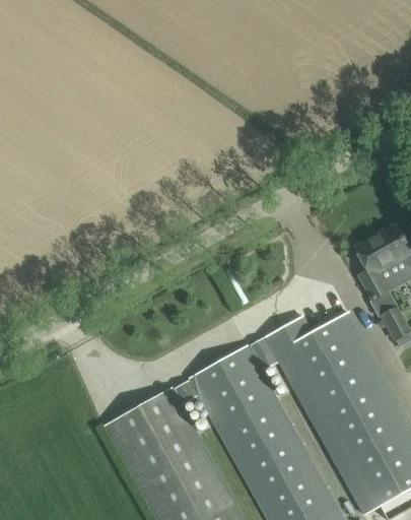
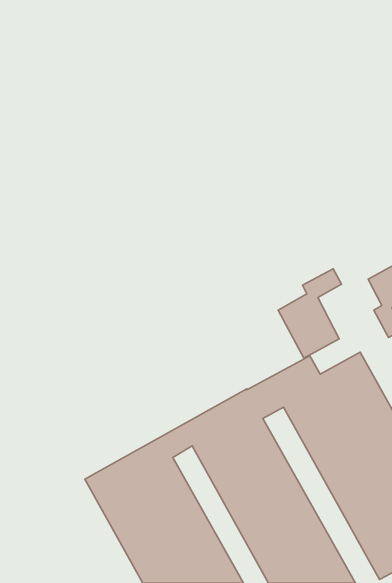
building: none -> [278,269,342,358]

